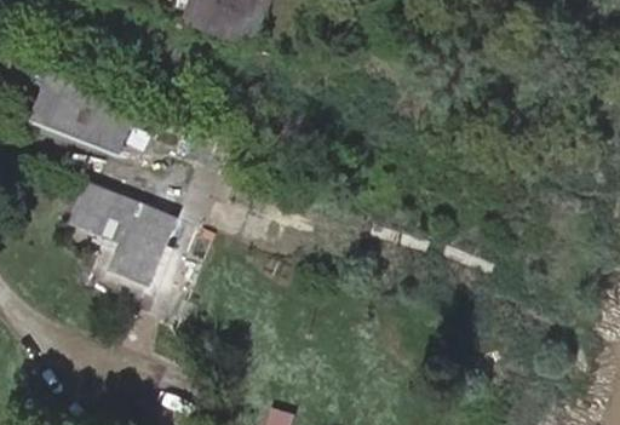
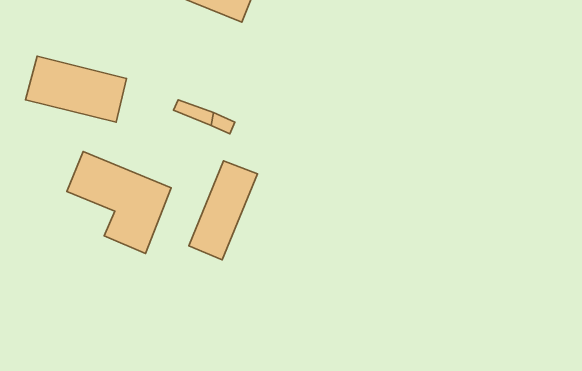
building: none -> [189,161,258,260]

